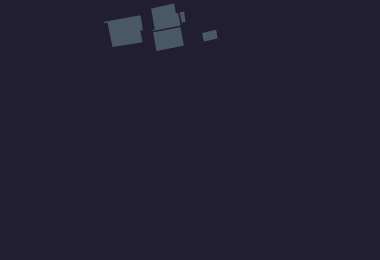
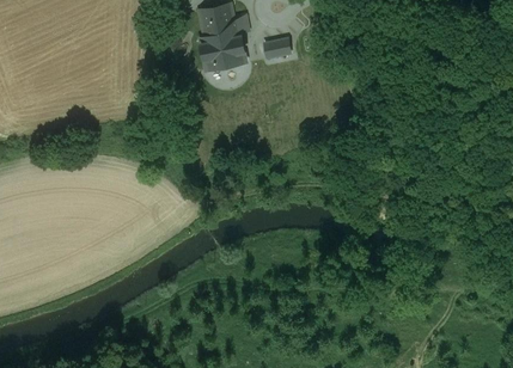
building: [104,14,144,48] -> none

